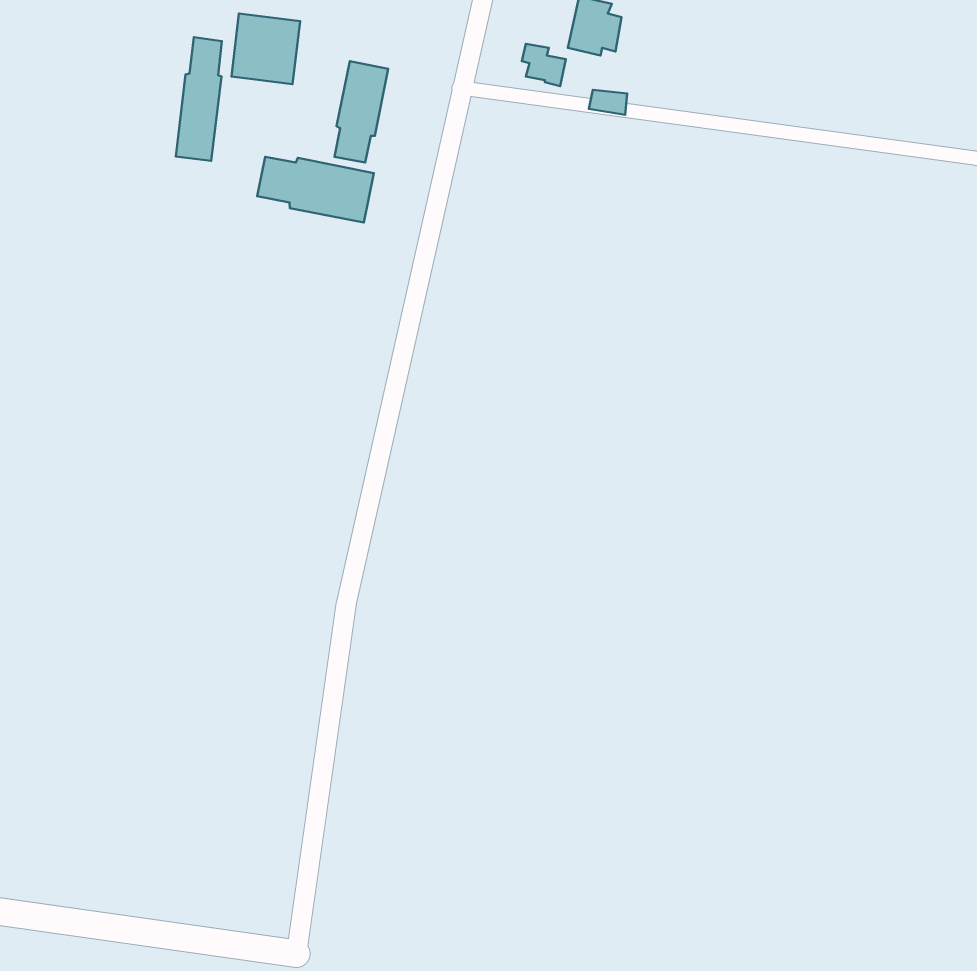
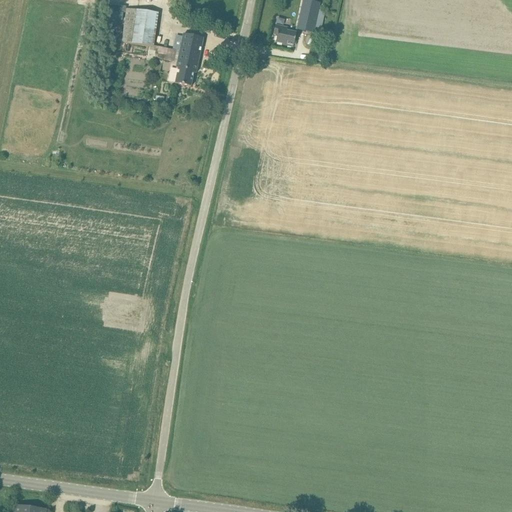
building: [176,37,222,161] -> none
building: [257,157,374,222] -> none

